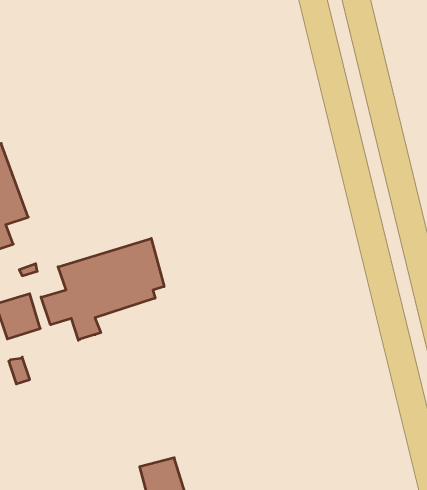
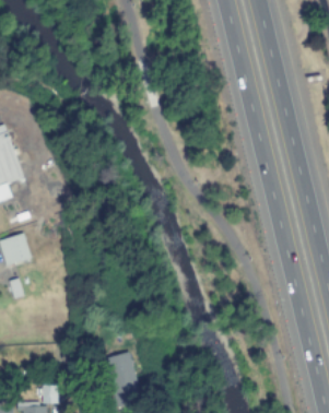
building: [41,238,164,340] -> none

